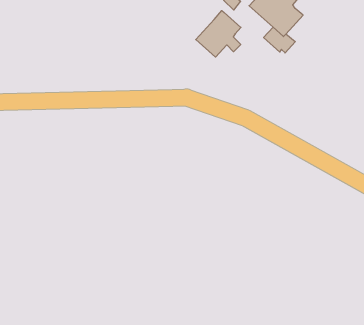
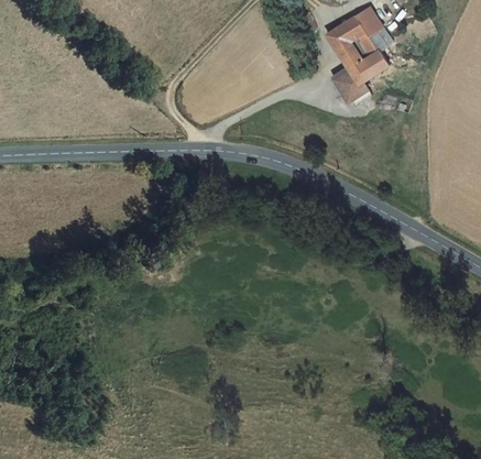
building: [196,11,241,57] -> none

